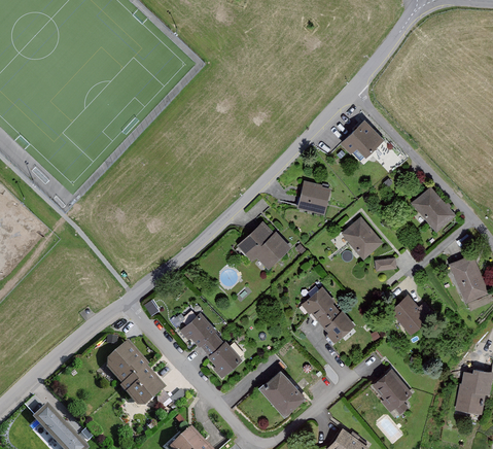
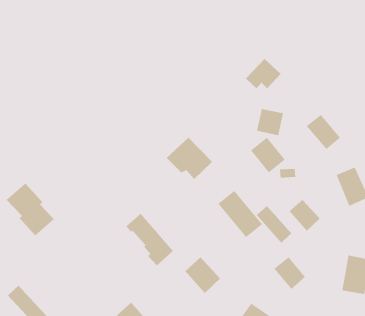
building: [296,176,331,211] -> [256,108,284,136]
building: none -> [256,205,292,243]
building: [101,340,163,408] -> [6,183,55,236]

